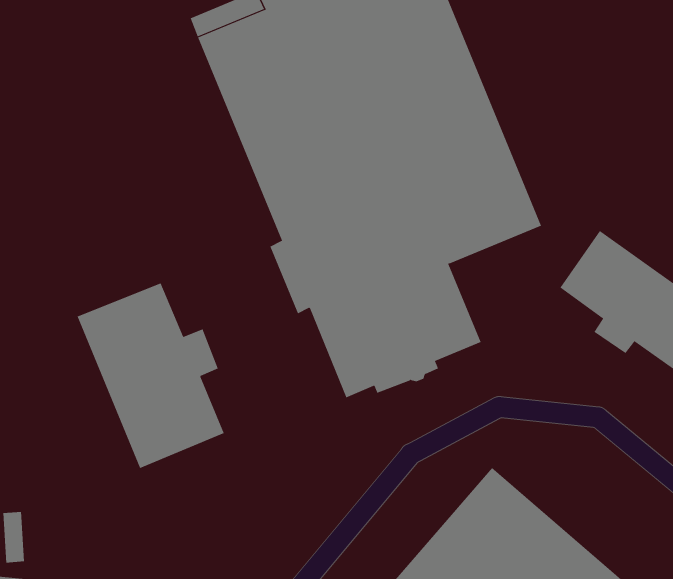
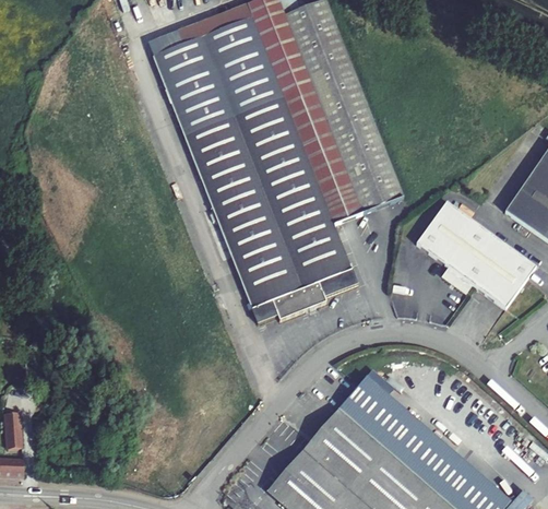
building: [77,283,224,469] -> none

